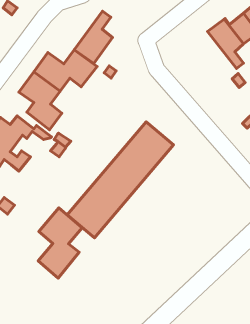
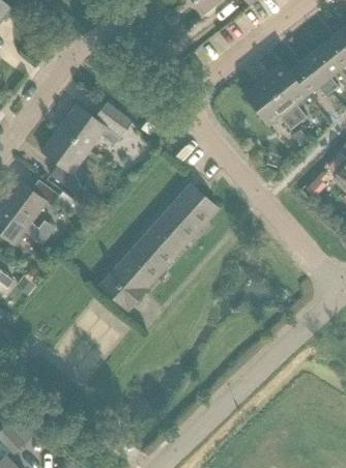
building: [74,11,113,63] -> none
building: none -> [243,80,297,129]
building: [38,208,82,278] -> none

